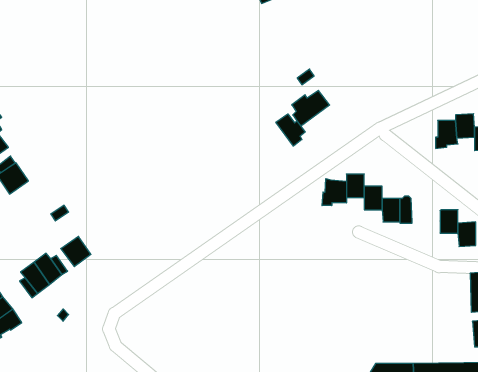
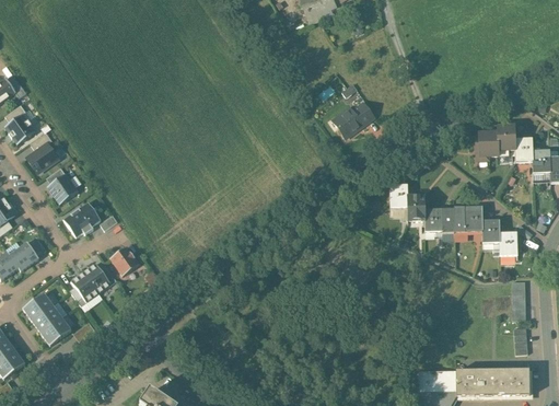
building: [276,114,305,146] -> none
building: [322,179,346,206] -> none
building: none -> [62,201,101,237]
building: none -> [453,208,482,232]

